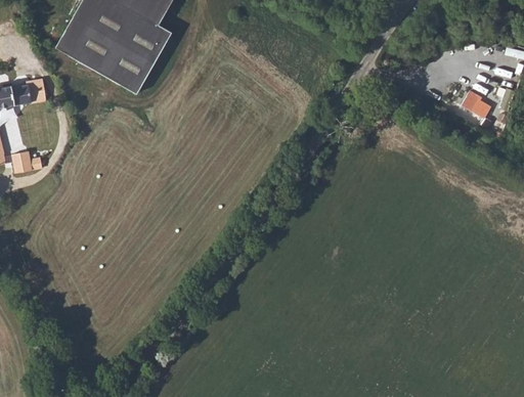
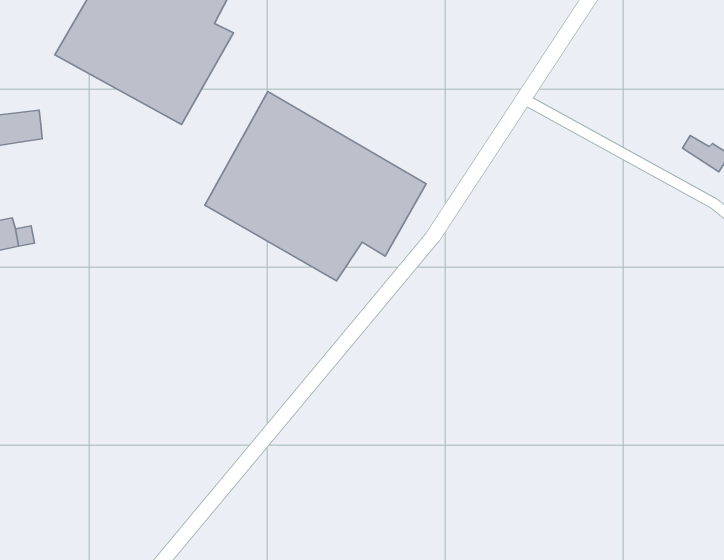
building: none -> [205,92,426,281]

